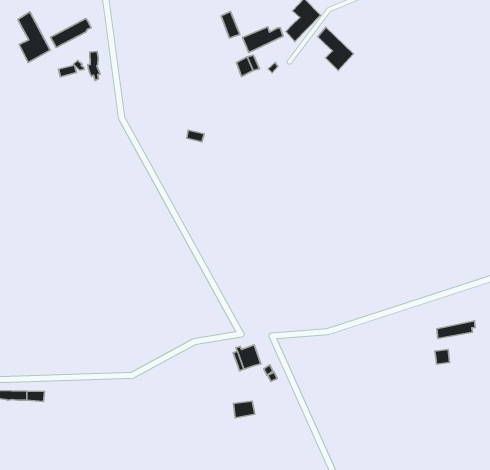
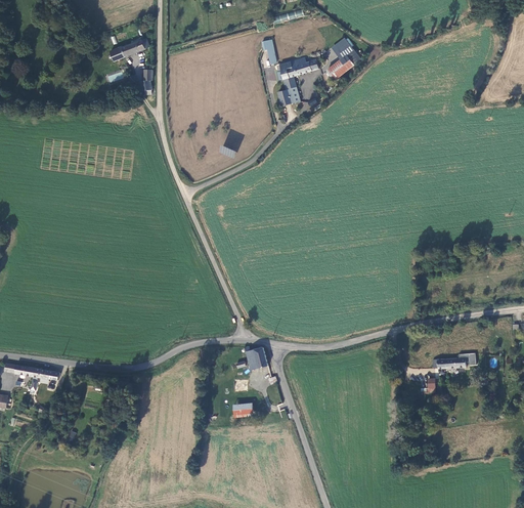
building: [18,12,50,62] -> none
building: [318,27,353,70] -> none

